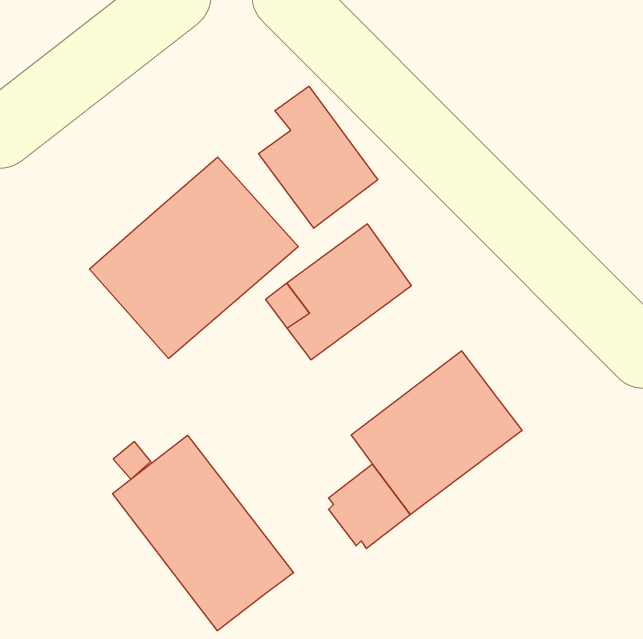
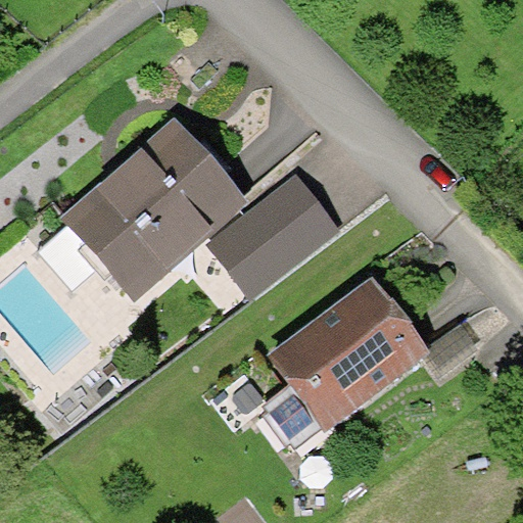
building: [258,86,378,228] -> none
building: [113,435,294,631] -> none

